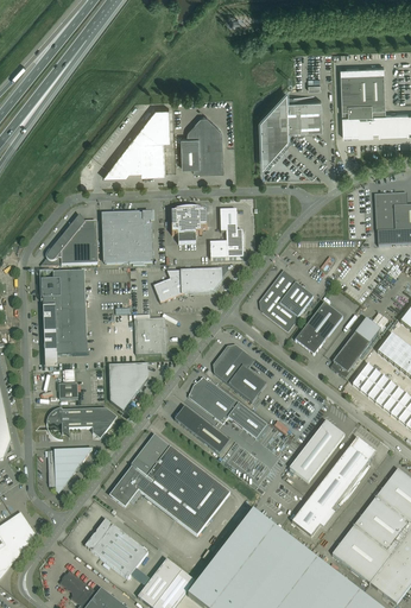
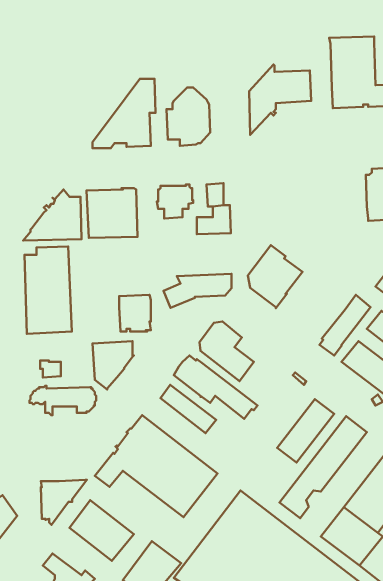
building: [153,268,220,302] -> [163,274,231,308]
building: [295,302,342,353] -> none
building: [48,448,93,492] -> [41,480,87,525]

